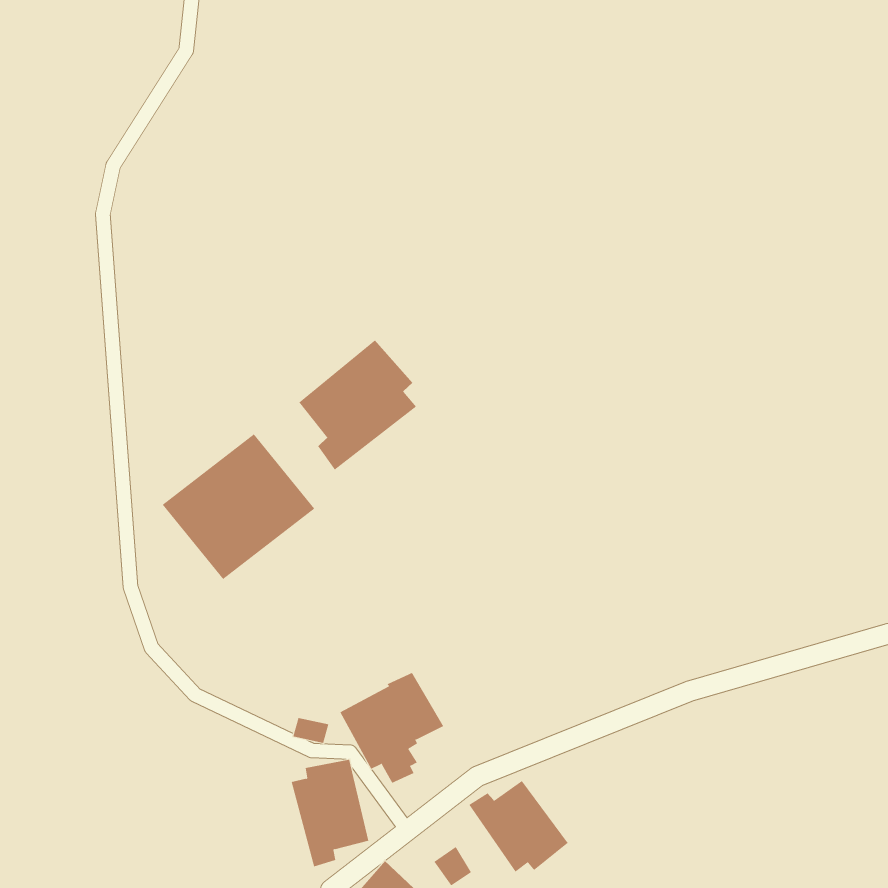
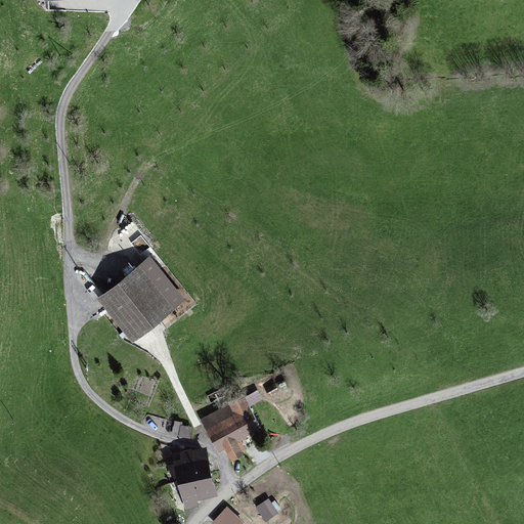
building: [299,339,417,470] -> none
building: [469,780,569,872] -> none

